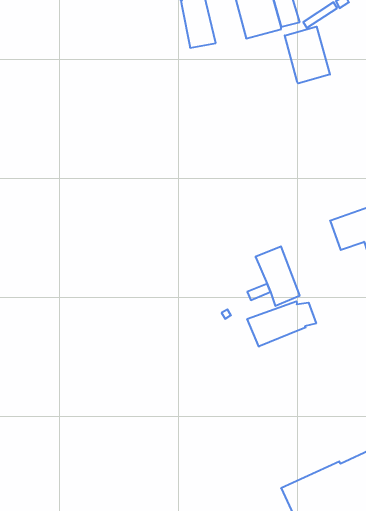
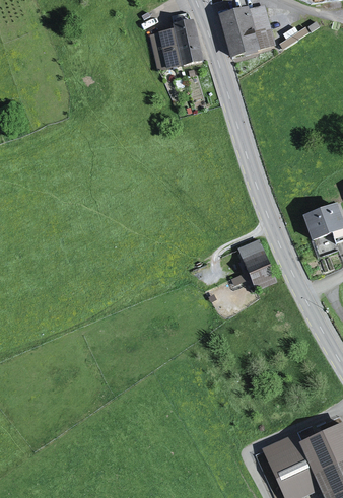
building: none -> [150,29,182,71]
building: [285,27,330,83] -> none
building: [247,301,316,347] -> none

